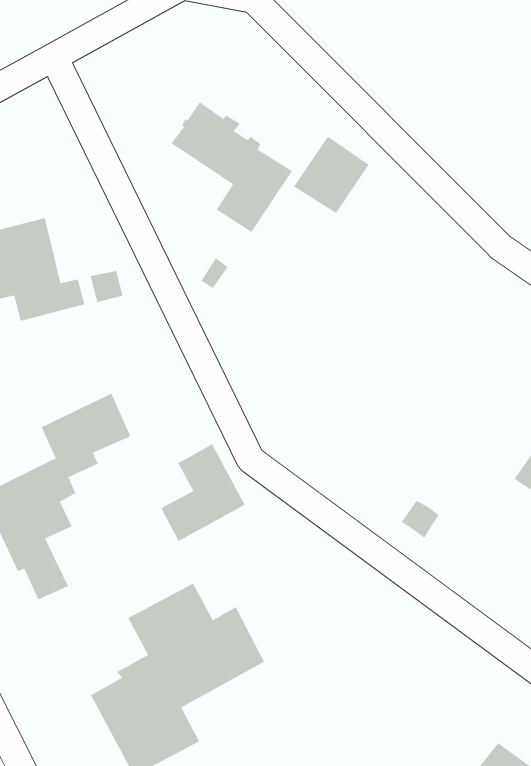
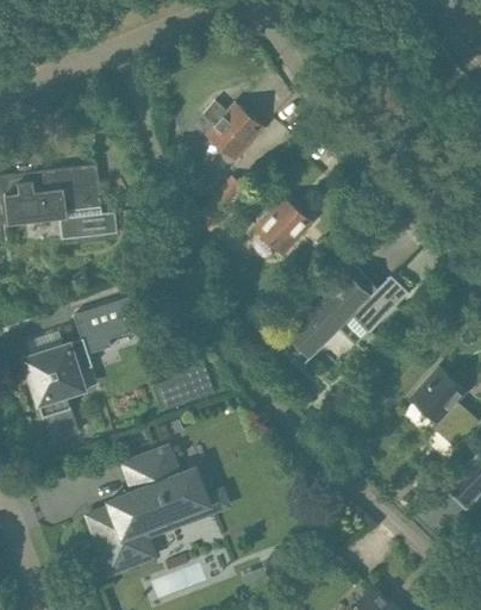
building: [293,136,369,214] -> [254,198,311,255]
building: none -> [286,273,408,360]

